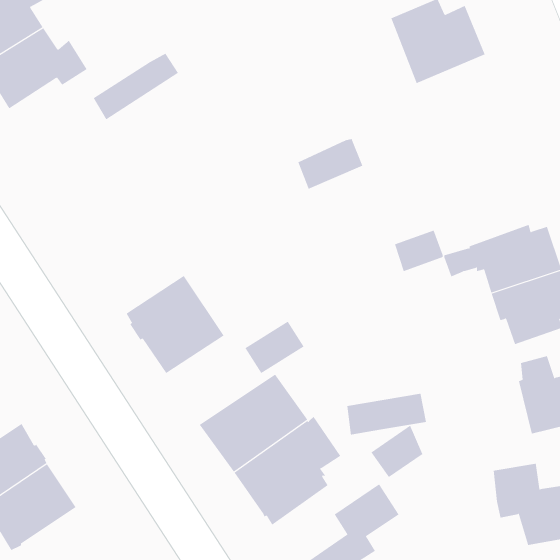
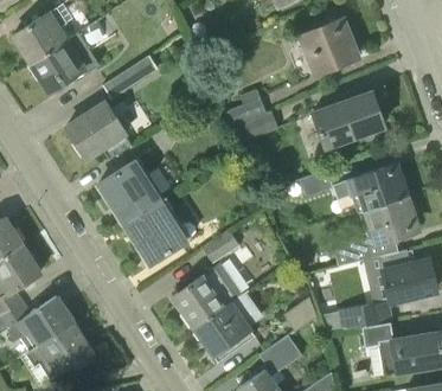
building: none -> [224,89,267,127]
building: none -> [310,91,386,148]
building: none -> [66,101,133,159]
building: none -> [98,159,162,224]
building: [346,393,427,435] -> [339,302,391,329]

